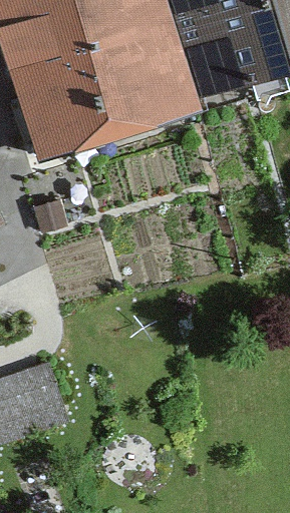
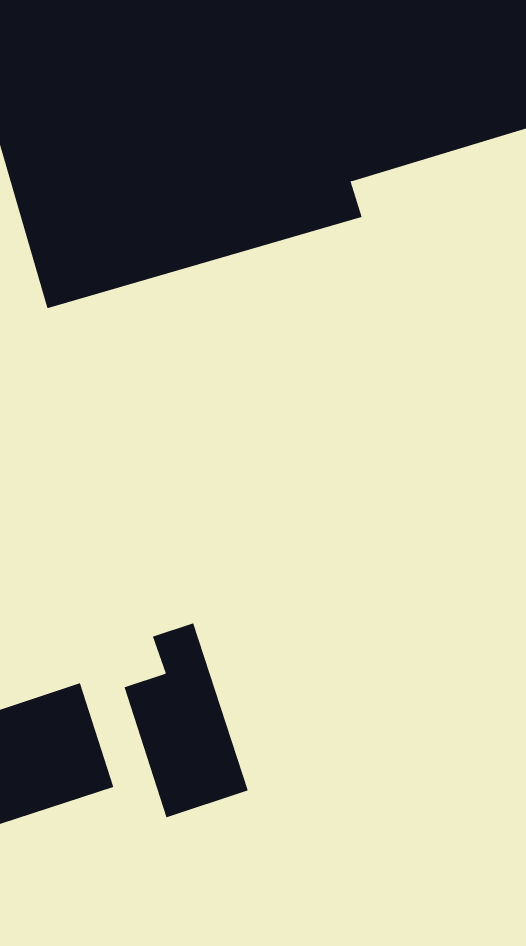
building: none -> [124,623,248,818]

